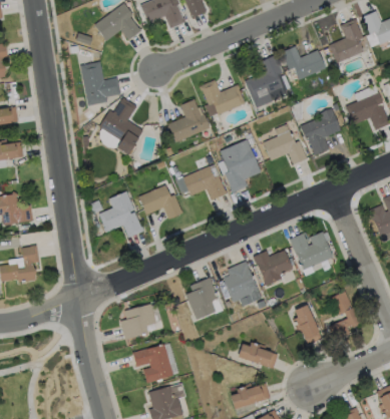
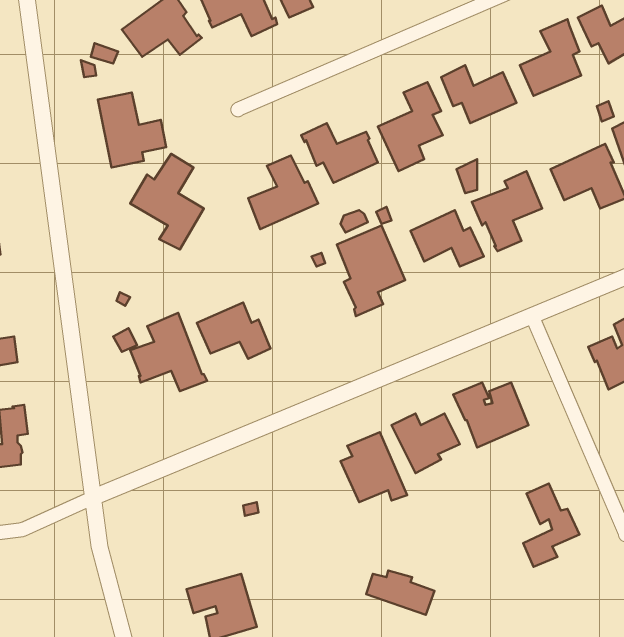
building: [182,165,227,199] -> none
building: [185,277,218,319] -> none
building: [120,303,156,339] -> none
building: [294,304,322,344] -> none

